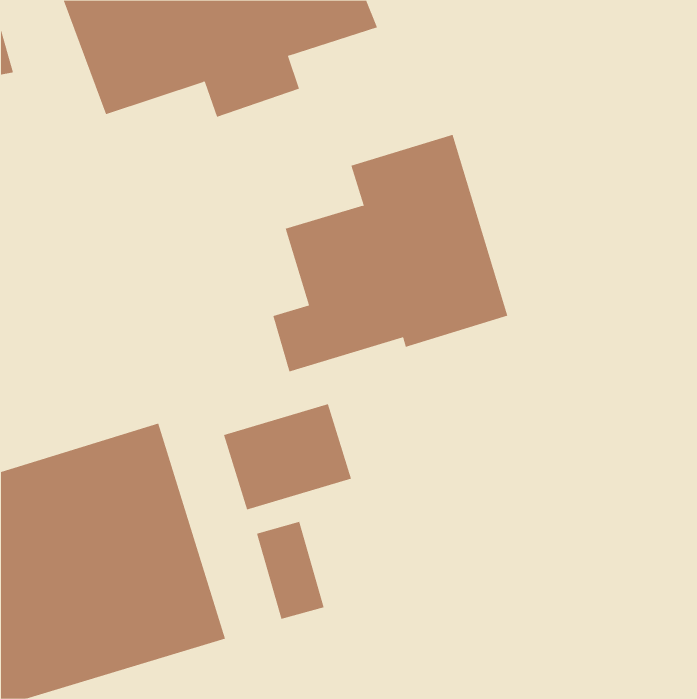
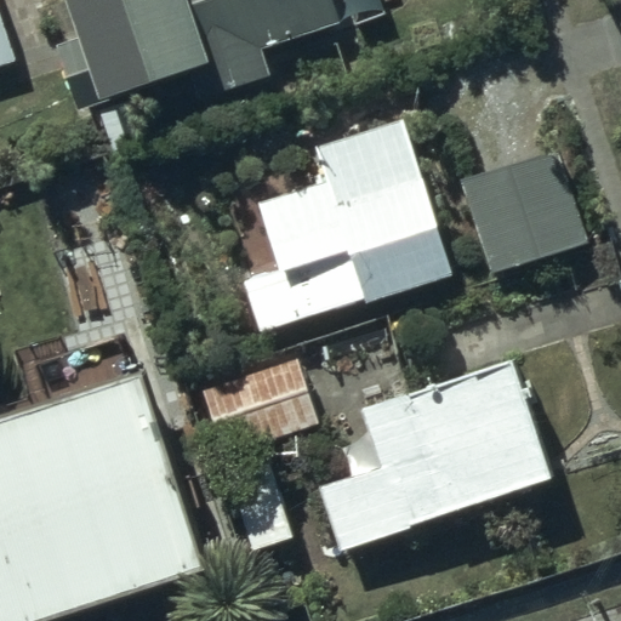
building: none -> [457,148,589,274]
building: none -> [319,359,548,549]

